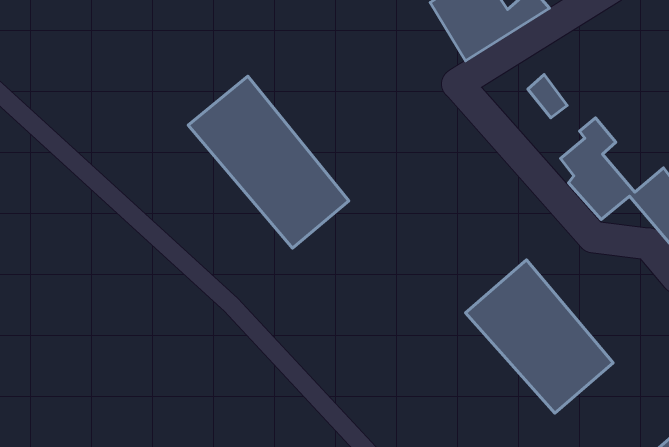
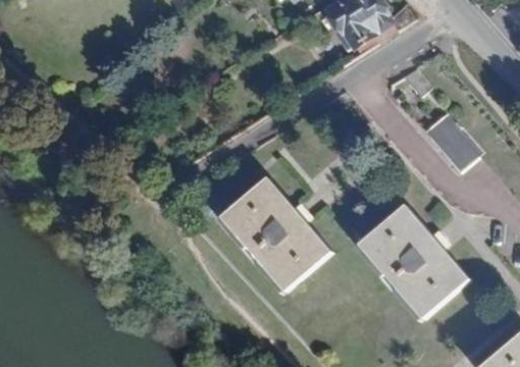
building: [188,76,349,248] -> none
building: none -> [222,175,332,291]

